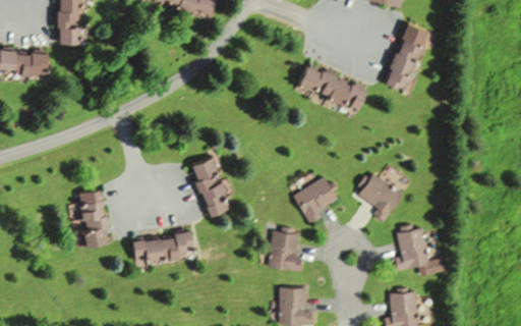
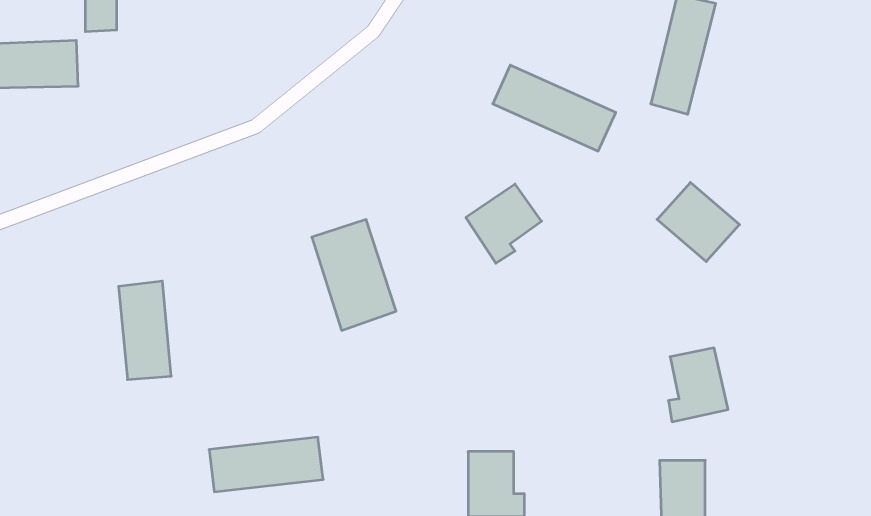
building: [356,173,404,219] -> [657,182,740,262]
building: [294,177,338,223] -> [466,184,542,263]
building: [269,230,303,271] -> none
building: [130,232,196,264] -> [209,437,323,492]

